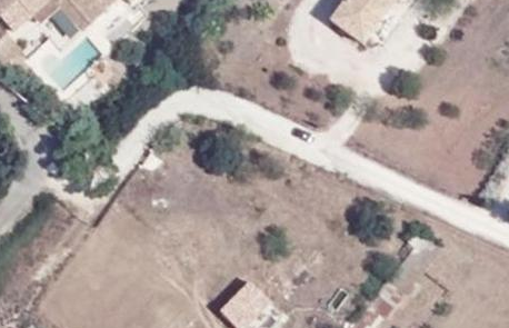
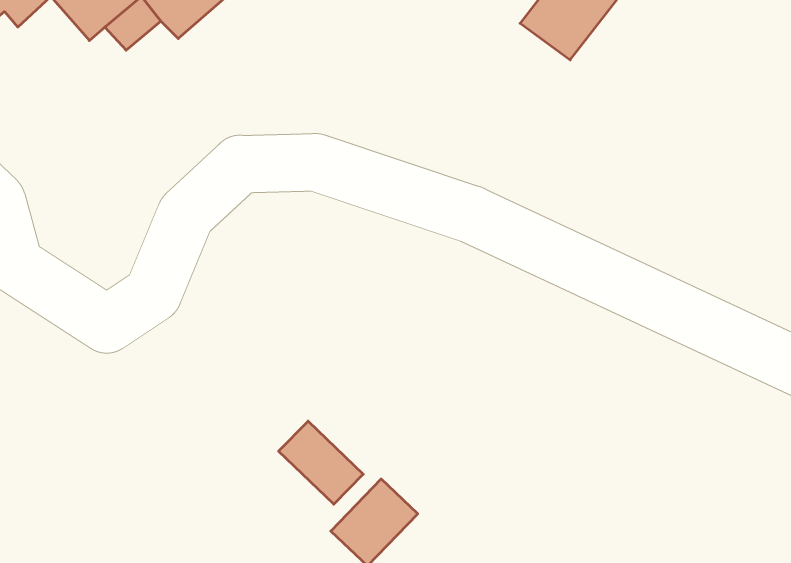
building: none -> [279,421,363,504]

